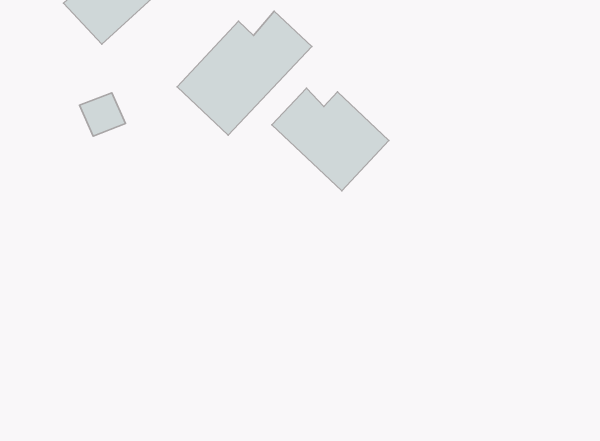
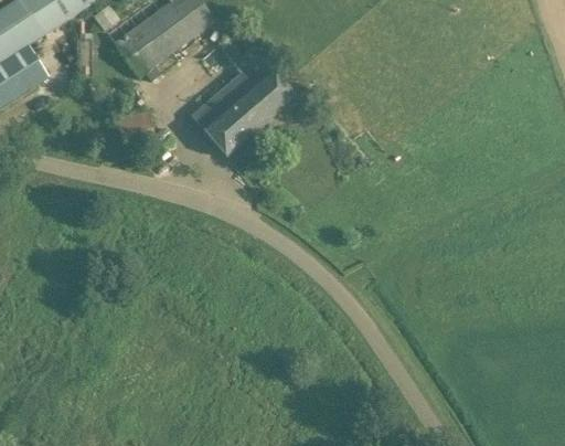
building: [272,88,389,191] -> none

